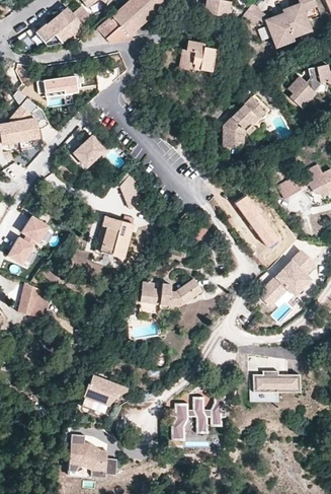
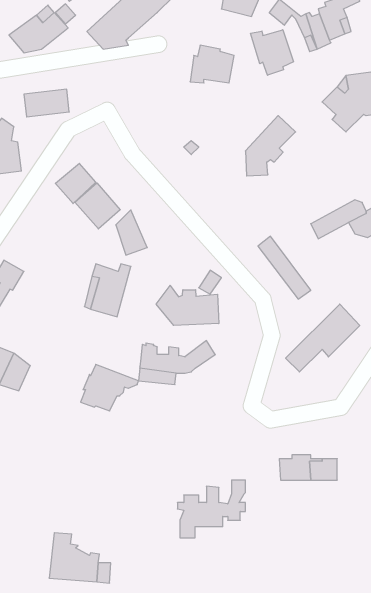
building: none -> [251,30,293,75]
building: none -> [75,183,120,229]
building: none -> [156,285,219,325]
building: [80,375,127,413] -> [81,364,138,411]

